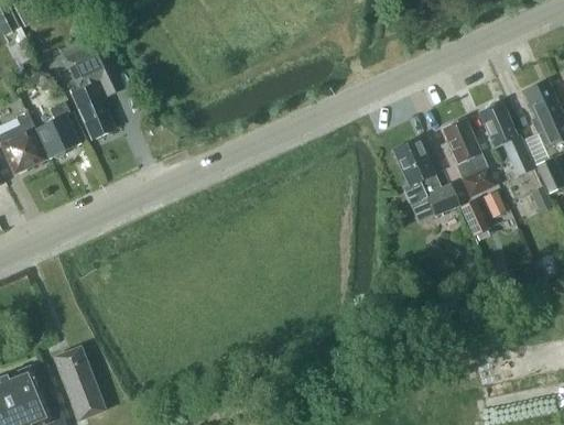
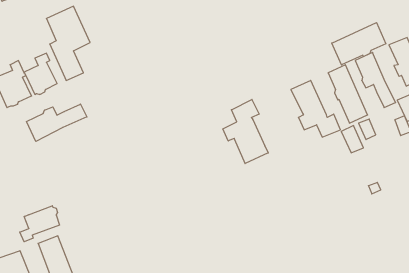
building: none -> [332,23,386,65]
building: none -> [223,99,268,164]
building: none -> [27,104,87,141]
building: none -> [20,206,60,242]

